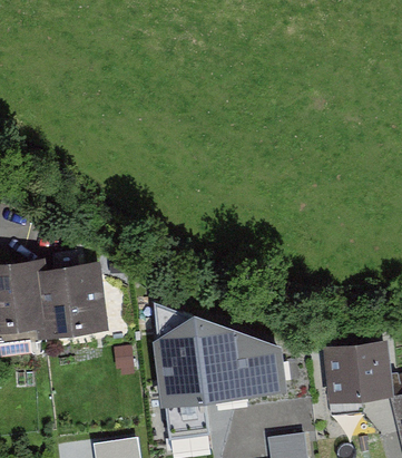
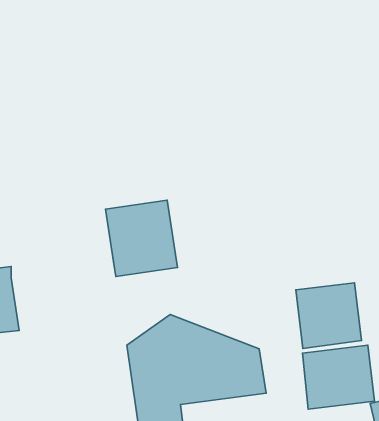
building: [39,266,109,341] -> [105,200,177,277]
building: none -> [296,283,361,349]

